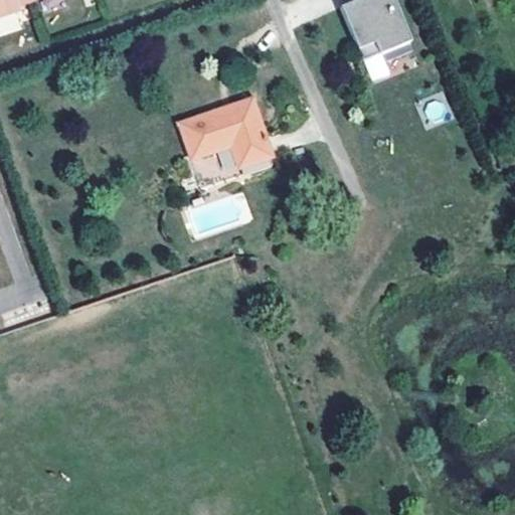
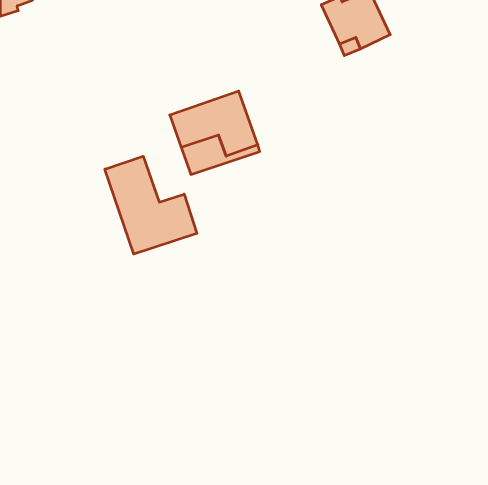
building: none -> [105,156,197,254]

